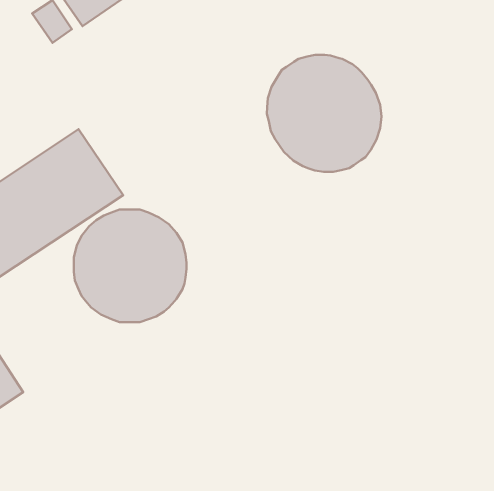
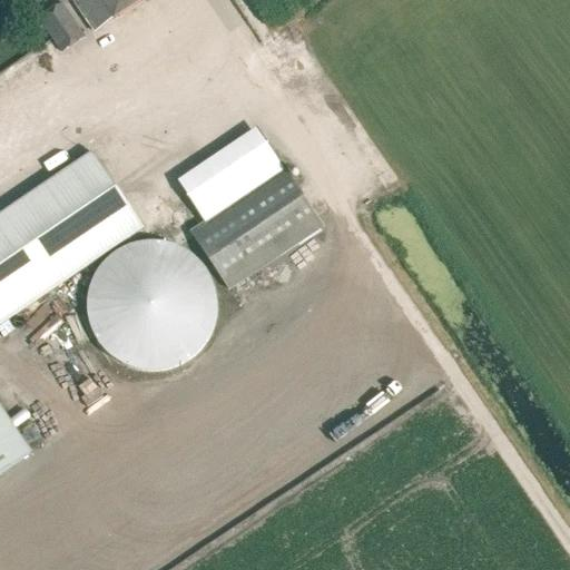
building: [267,55,381,172] -> none
building: none -> [184,132,324,285]

